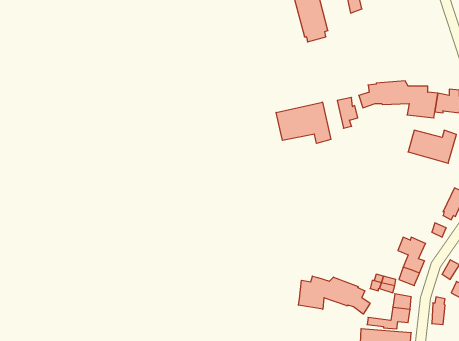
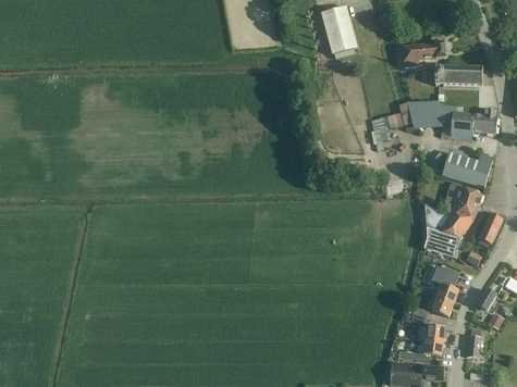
building: none -> [402,41,445,66]
building: none -> [433,65,482,85]
building: [276,102,331,143] -> none
building: none -> [423,186,482,258]
building: [299,276,370,314] -> none

